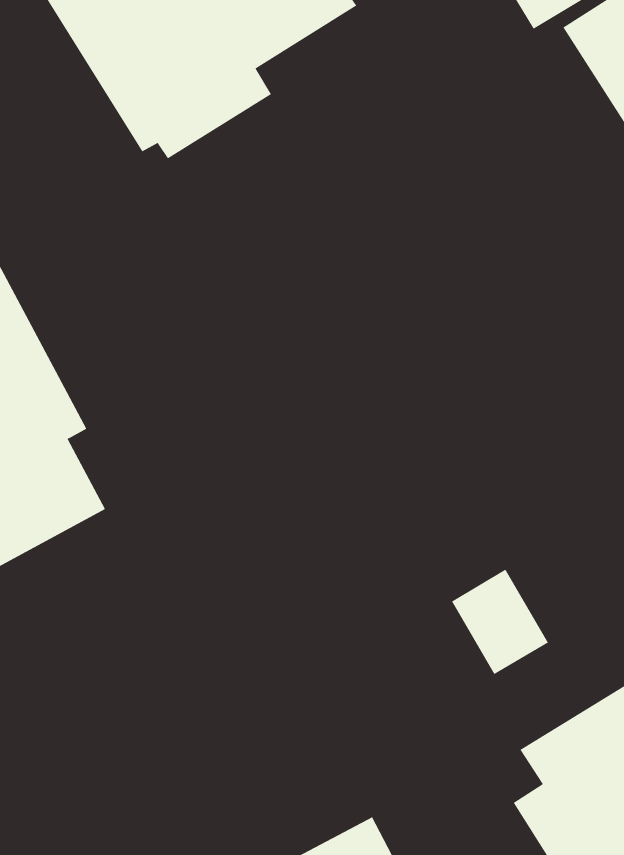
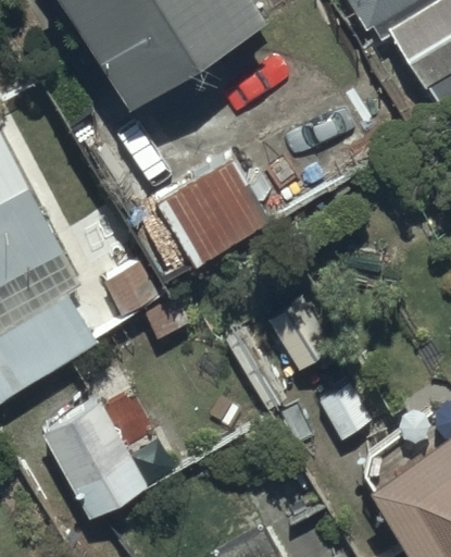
building: none -> [156,158,265,267]
building: none -> [42,395,146,512]

